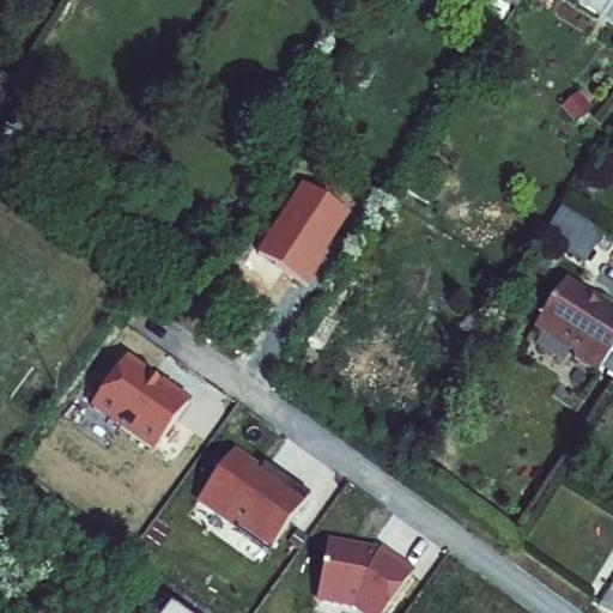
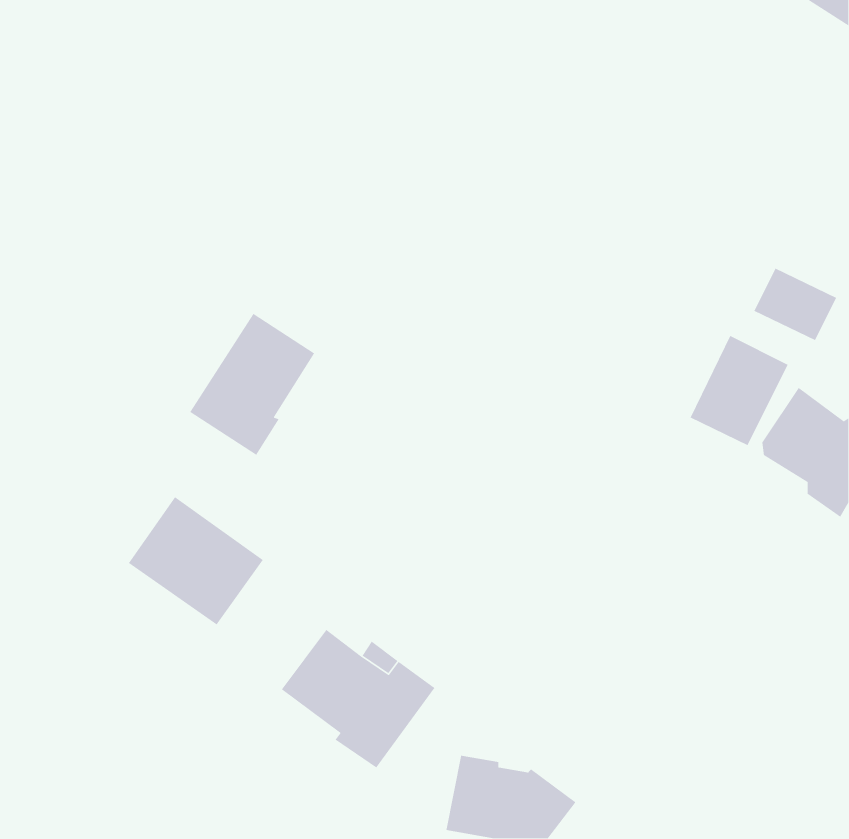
building: [259,178,348,280] -> [189,313,315,456]
building: none -> [689,335,789,446]

